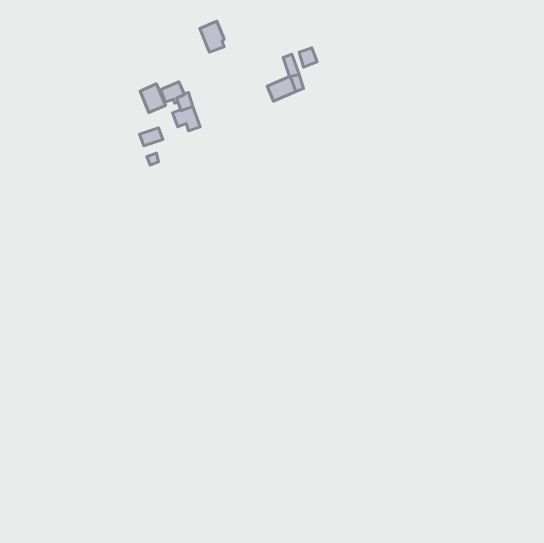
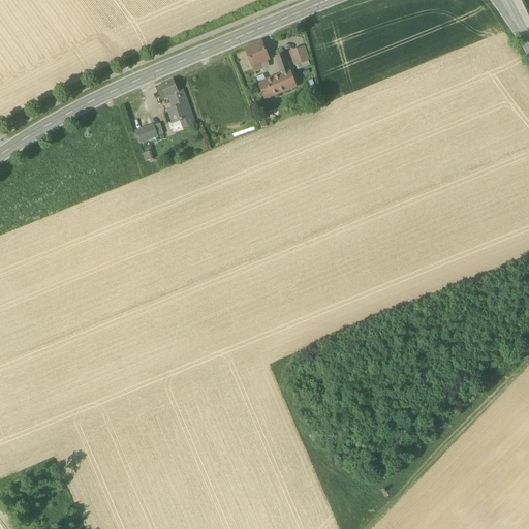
building: [200,21,224,52] -> [245,41,269,71]
building: [140,84,165,112] -> none

